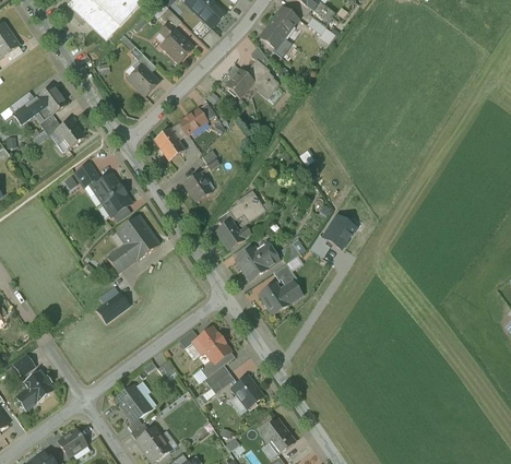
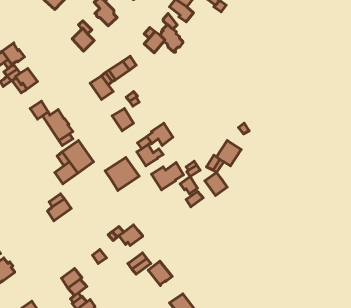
building: none -> [105,157,139,190]
building: [259,283,288,313] -> [205,172,227,195]
building: [200,342,235,377] -> none

